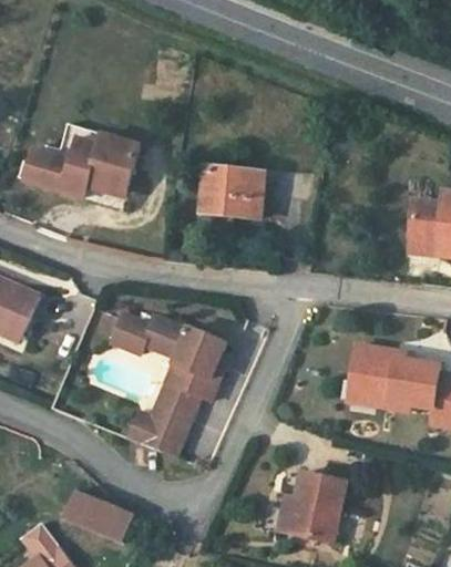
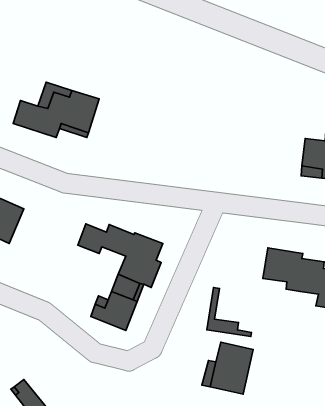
building: [201,168,265,226] -> none
building: [348,346,408,411] -> [207,288,252,337]
building: [63,489,134,543] -> none

